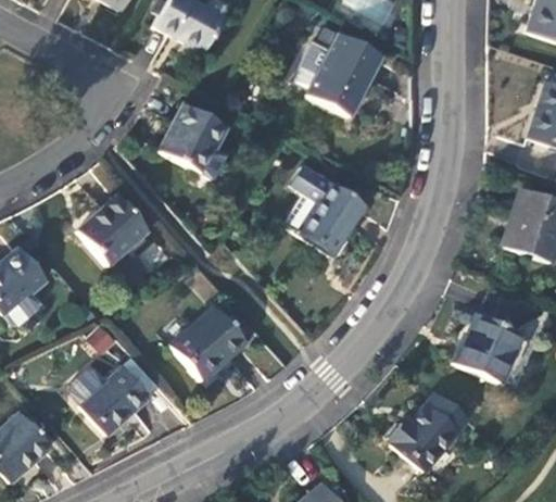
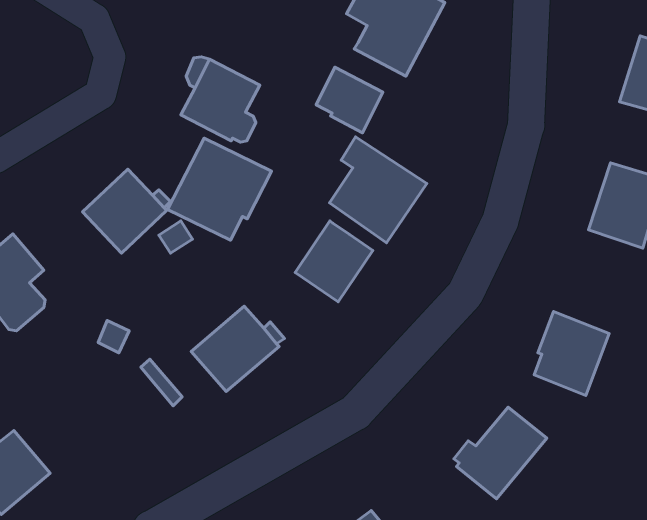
building: none -> [316,67,383,133]
building: none -> [167,138,272,240]
building: none -> [295,221,373,302]
building: [72,366,152,435] -> none

